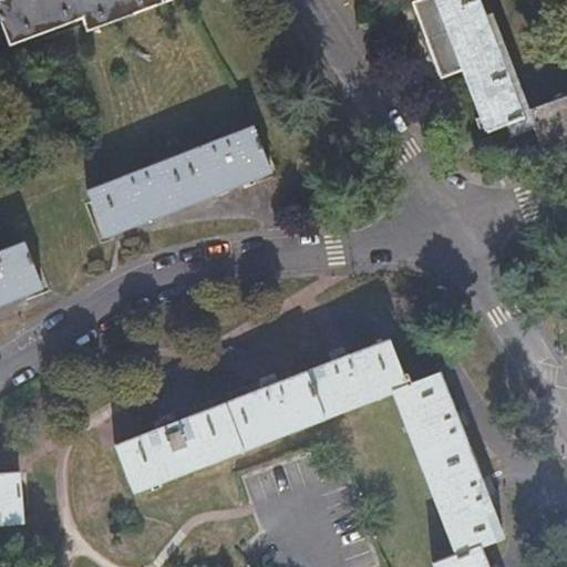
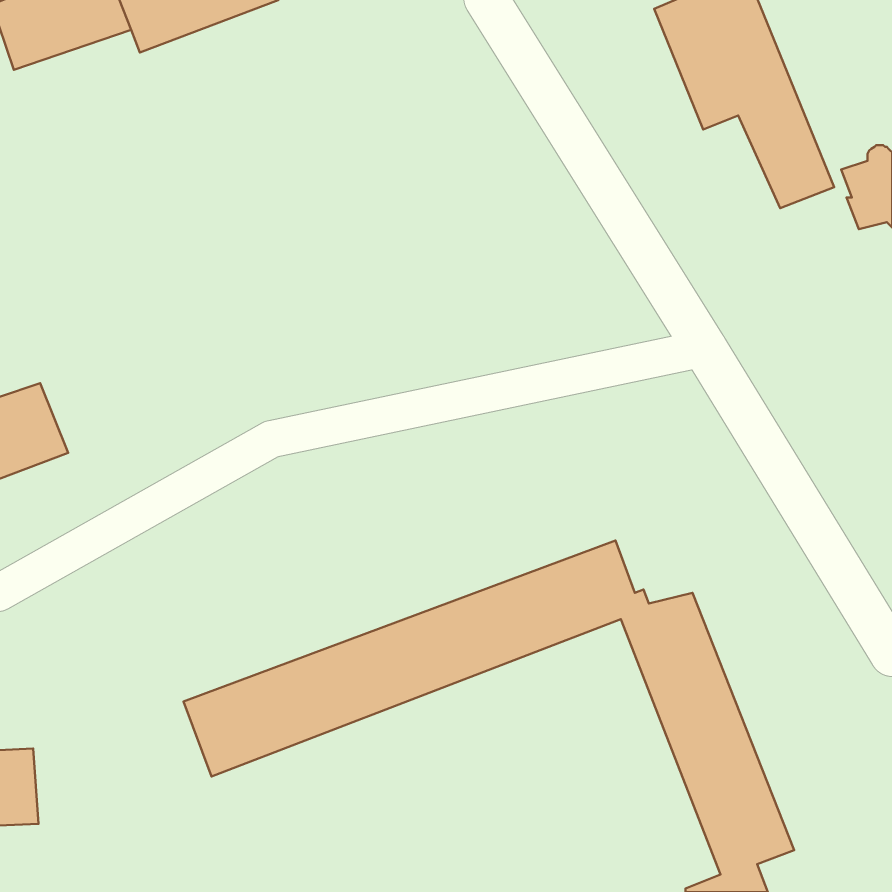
building: [89,126,270,236] -> none

